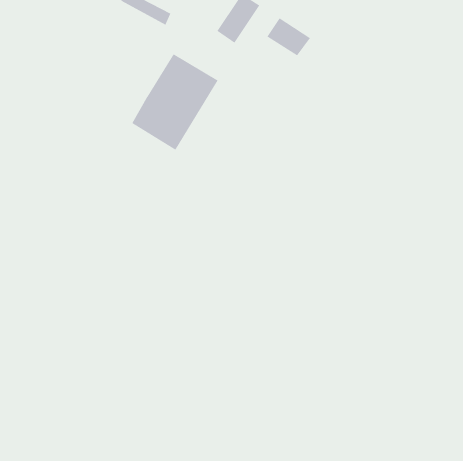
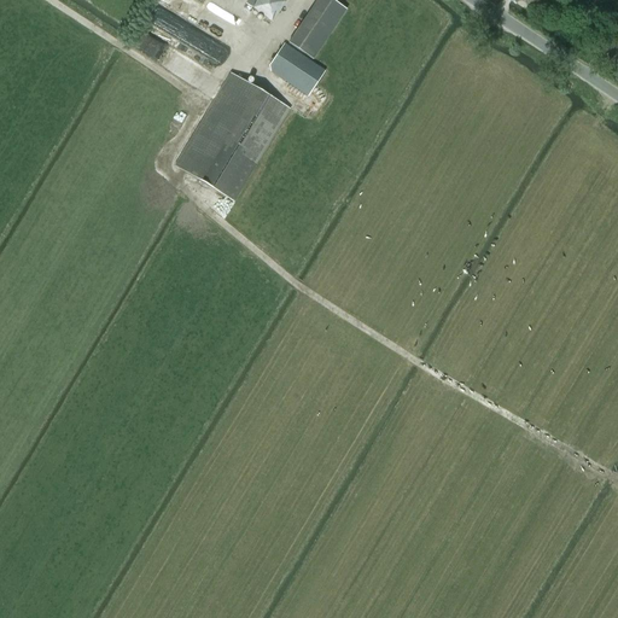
building: none -> [151,8,221,57]
building: [267,17,311,56] -> [267,42,326,94]

